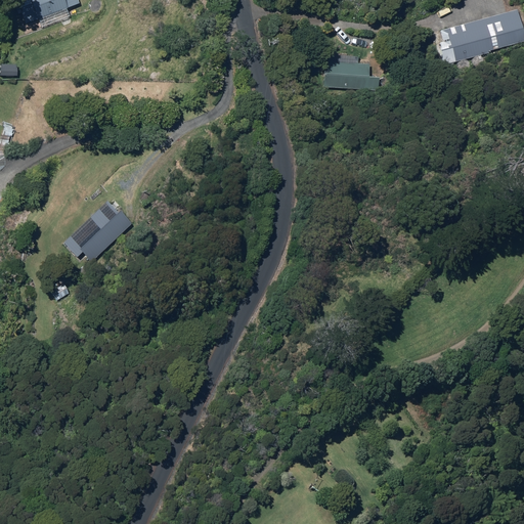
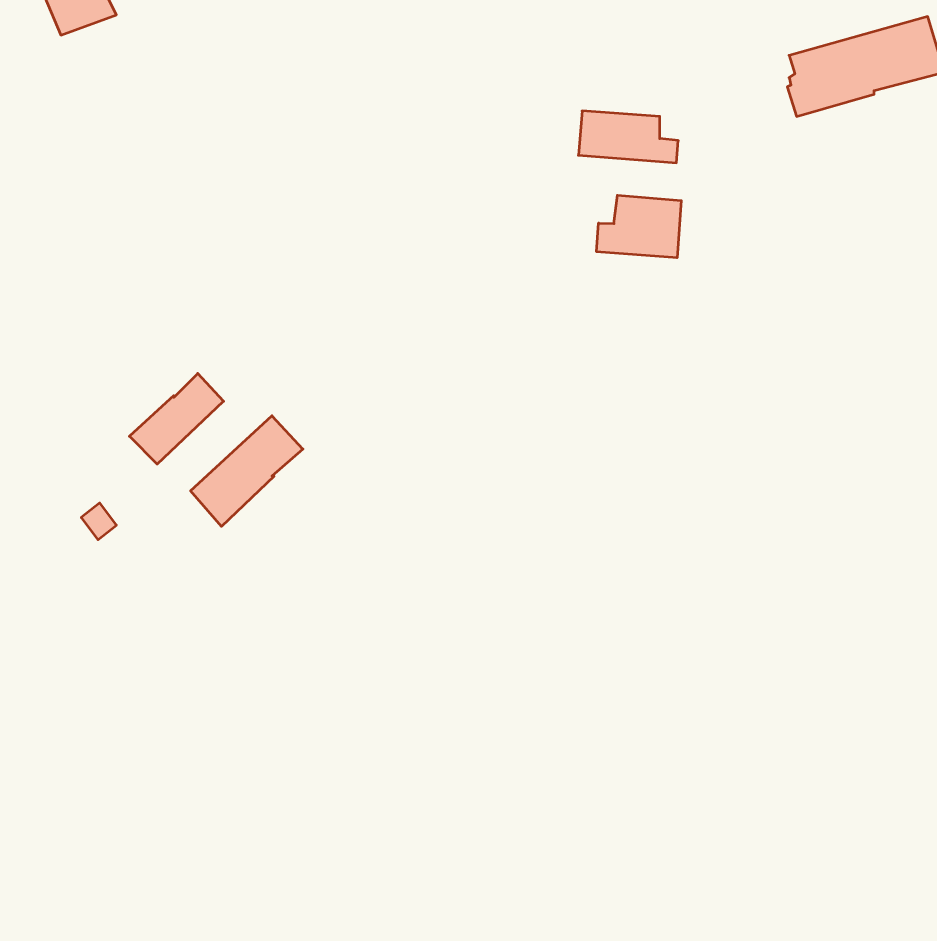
building: none -> [597,195,681,258]
building: none -> [191,416,303,526]

